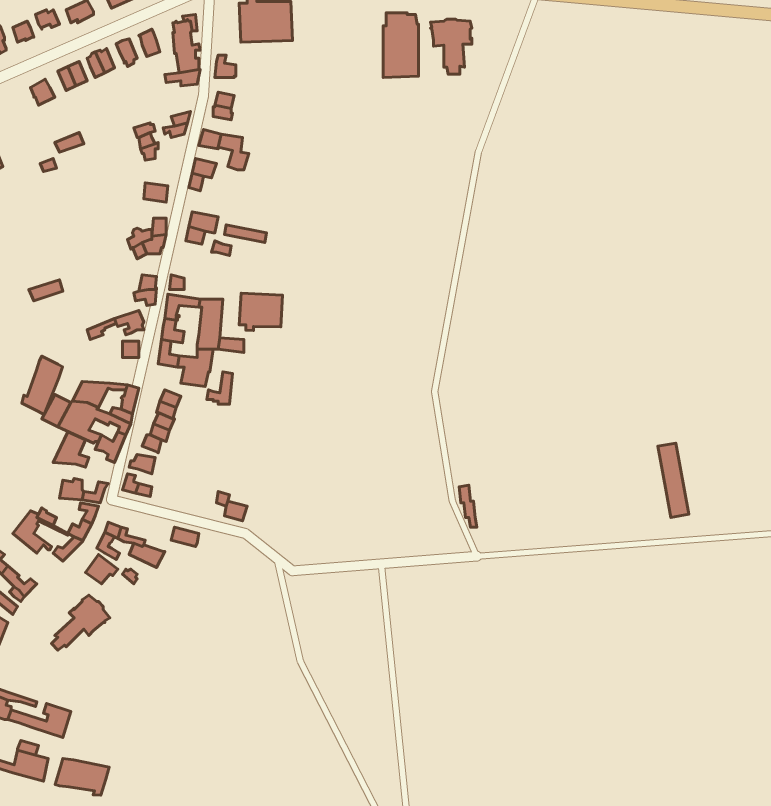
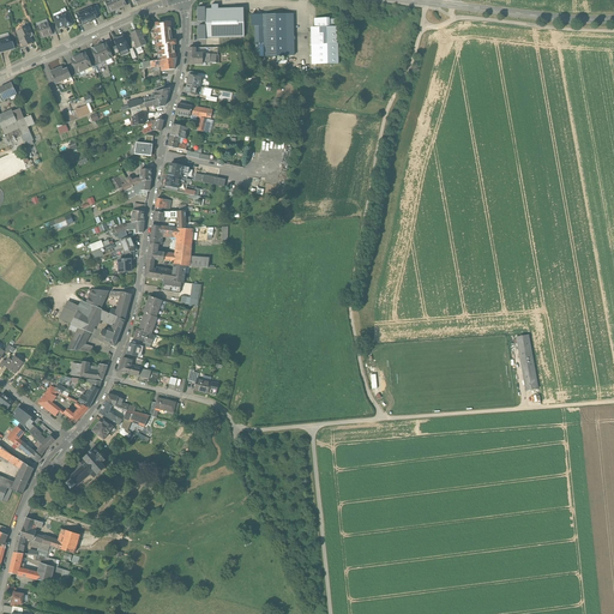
building: none -> [251,13,289,55]
building: [431,19,472,74] -> none
building: [239,293,282,330] -> none
building: [22,356,63,414] -> none
building: [55,759,109,795] -> none

